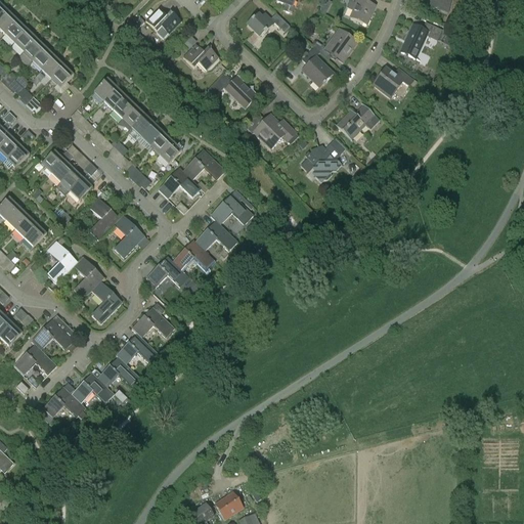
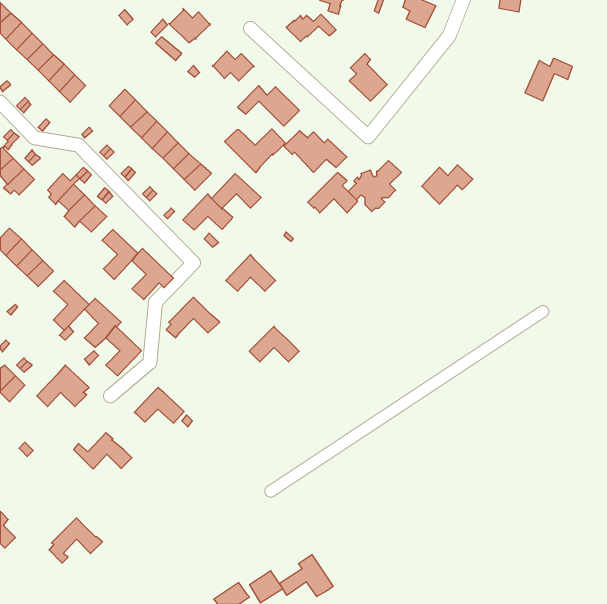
building: [401,21,442,58] -> [525,58,572,101]
building: [313,29,357,61] -> none
building: [374,67,418,97] -> none
building: [336,106,380,140] -> [422,165,473,204]
building: none -> [225,129,285,173]
building: [210,189,253,224] -> [308,173,358,213]
building: [172,239,215,270] -> [249,326,299,362]
building: [131,302,174,338] -> none
building: [14,344,56,375] -> none
building: [96,356,139,387] -> none
building: [40,387,86,426] -> [49,518,102,563]
building: none -> [279,555,333,597]

